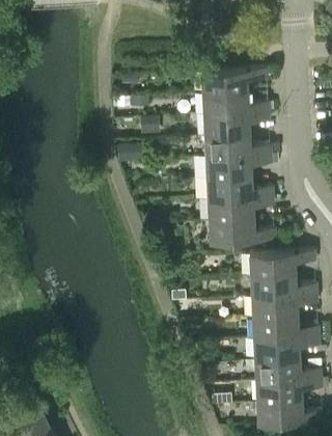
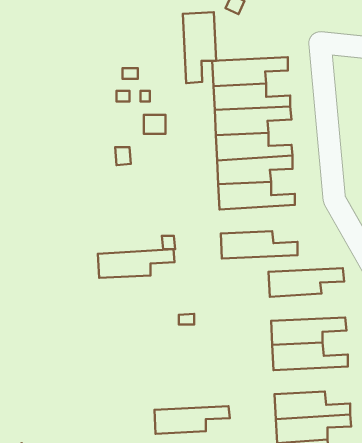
building: none -> [183,12,216,83]
building: [208,196,274,221] -> [98,249,175,278]
building: [251,273,316,297] -> none
building: [254,336,320,360] -> [154,406,230,434]

